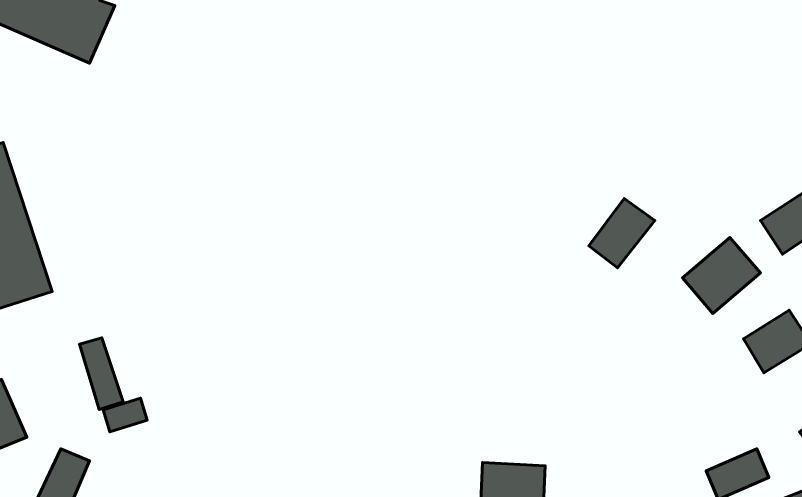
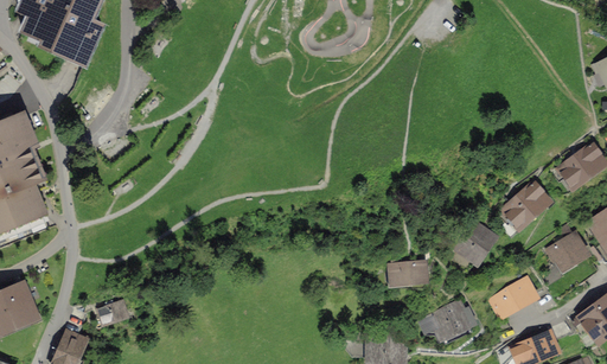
building: [589,198,655,268] -> [451,217,497,266]
building: [79,338,123,409] -> none
building: none -> [378,256,421,287]
building: none -> [481,274,538,324]
building: none -> [415,300,472,349]

